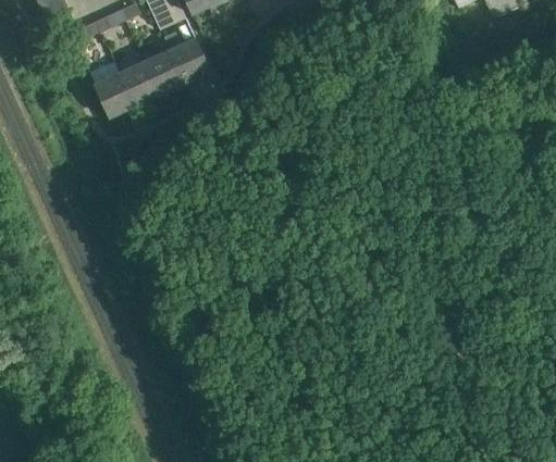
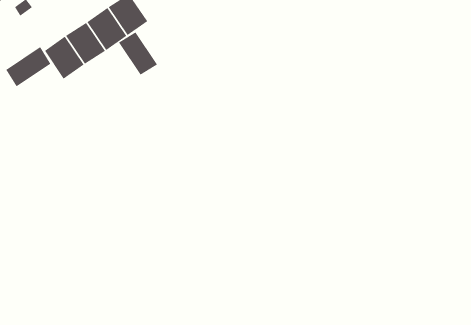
building: none -> [5,46,51,87]
building: none -> [118,31,158,75]

